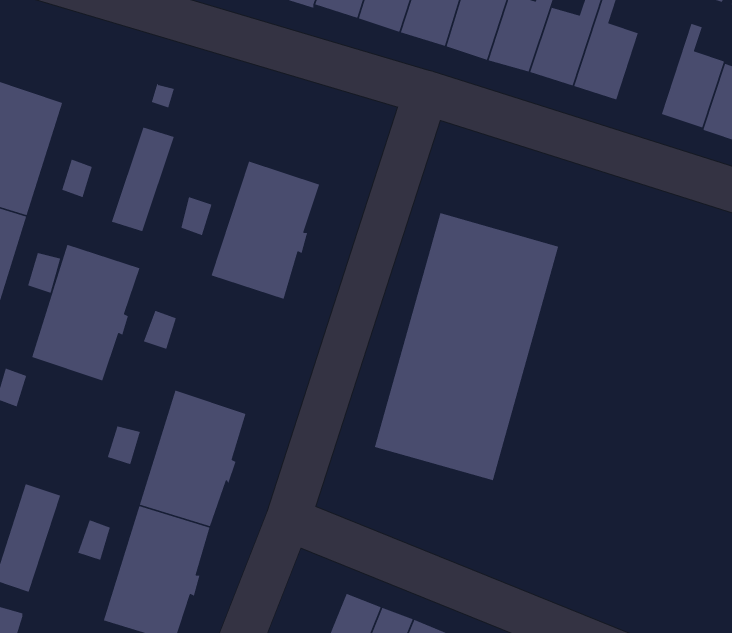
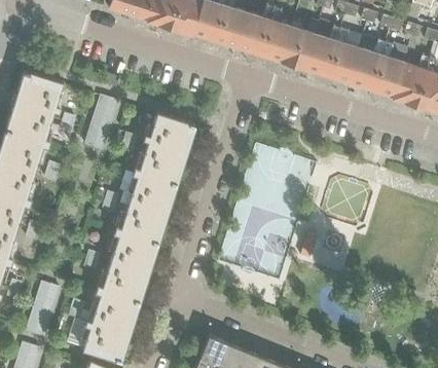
building: none -> [348,40,386,89]
building: [31,244,141,382] -> [119,173,176,244]

